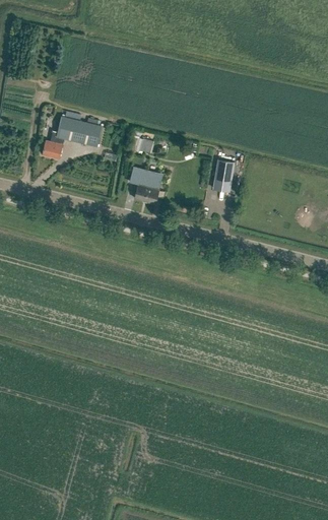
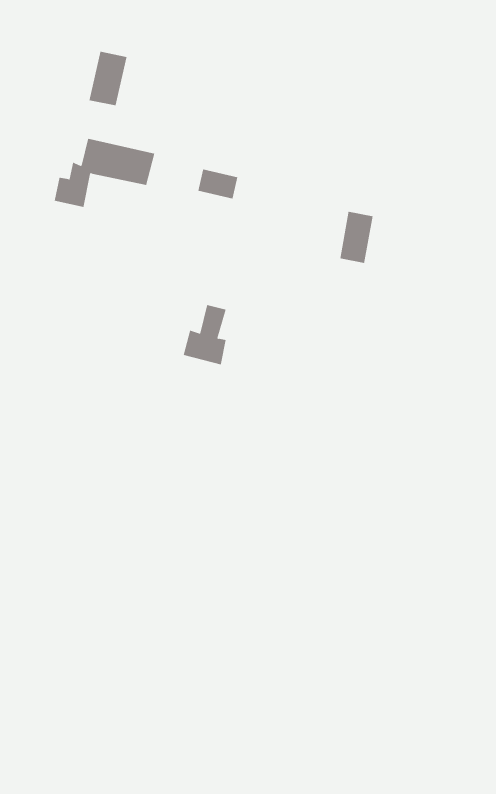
building: none -> [89,51,127,106]
building: [133,167,159,203] -> [183,304,227,365]

